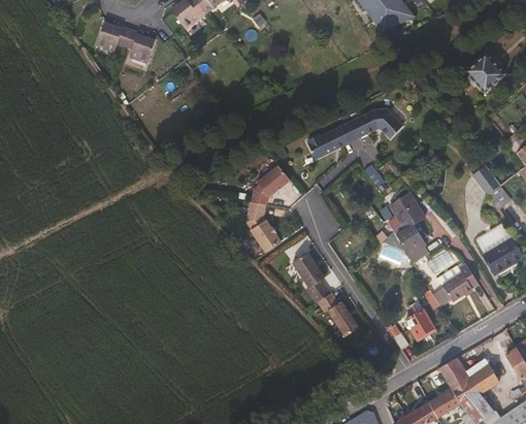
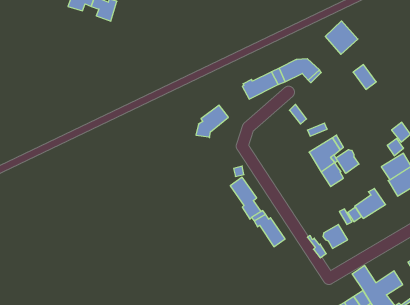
building: [465,53,504,93] -> [325,21,358,54]
building: [471,165,499,195] -> [353,65,376,89]
building: [248,201,282,251] -> none
building: none -> [336,150,359,173]

